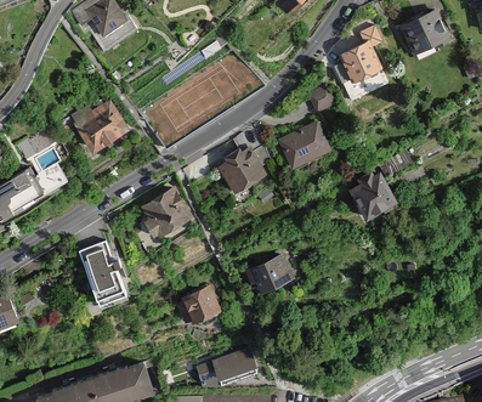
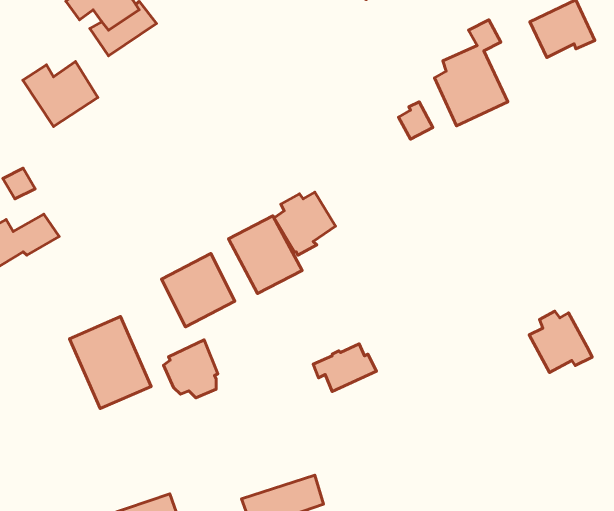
building: [69,101,123,147] -> [23,62,98,126]
building: [278,121,327,165] -> none
building: none -> [229,216,302,293]
building: [350,171,395,215] -> [529,311,592,372]
building: [177,284,216,325] -> [163,340,218,398]

